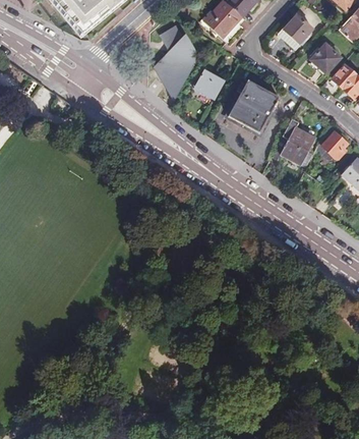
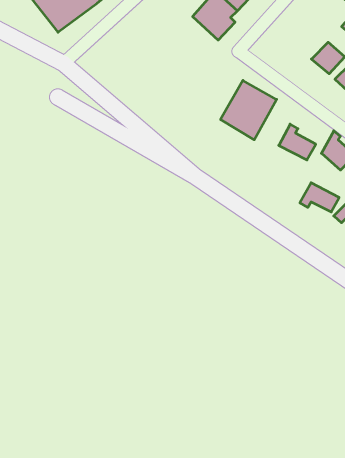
building: [280,13,313,47] -> none
building: [156,25,193,93] -> none
building: [193,70,224,99] -> none
building: [271,138,306,164] -> [300,183,339,212]

